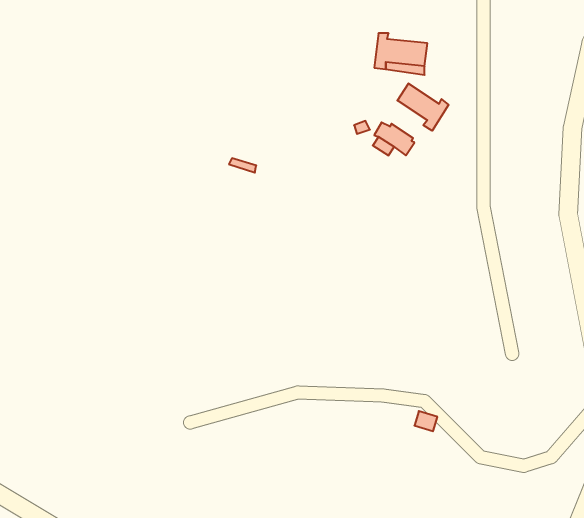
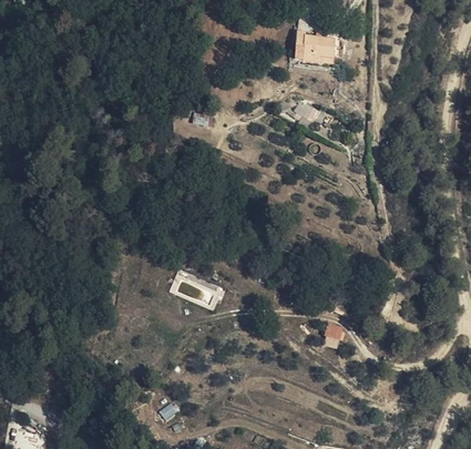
building: [397,83,449,131] -> none

